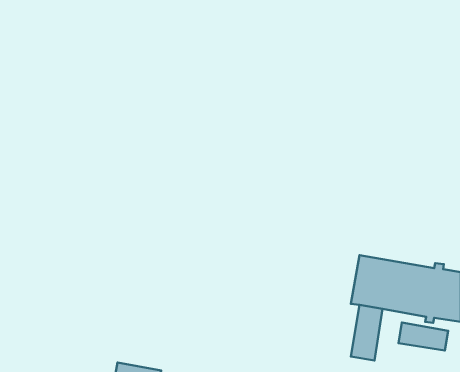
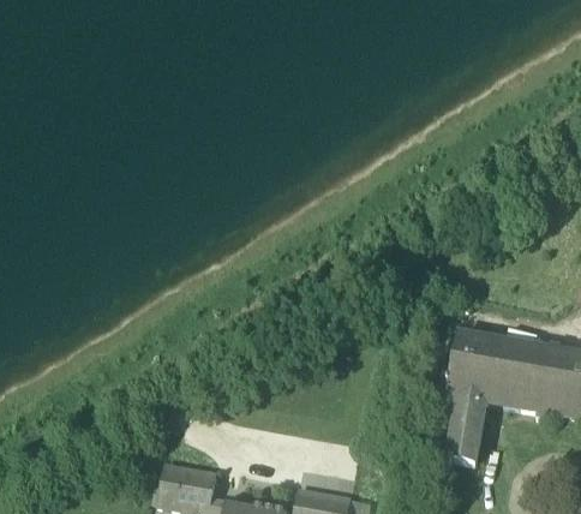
building: [398,322,448,351] -> none

